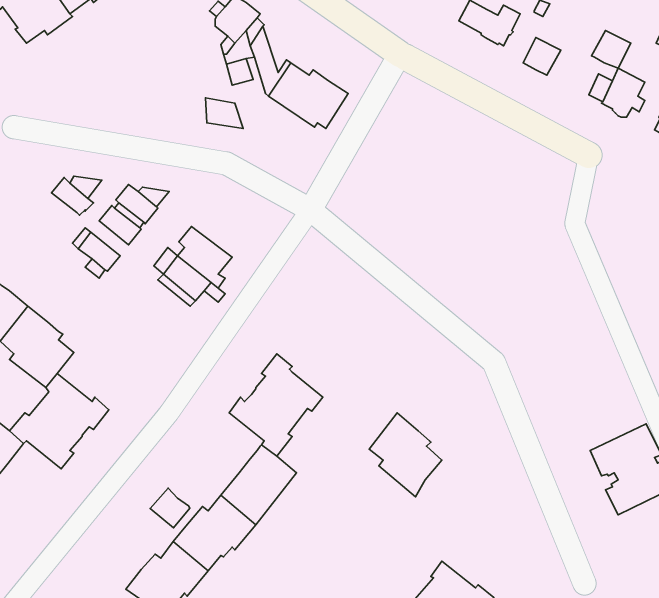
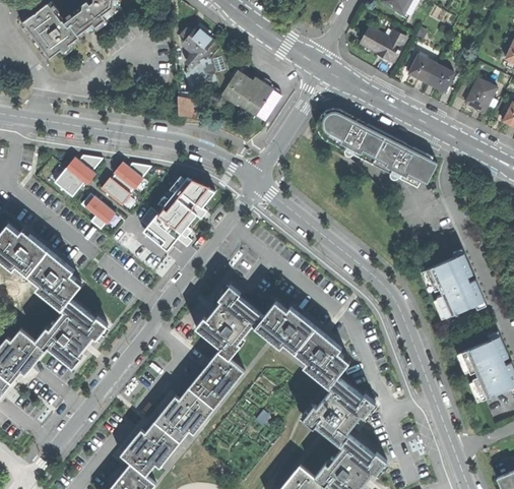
building: [592,30,631,68] -> [426,64,454,91]
building: none -> [317,109,437,184]
building: none -> [55,168,84,196]
building: none -> [170,176,215,219]
building: none -> [421,254,484,319]
building: none -> [255,302,317,354]
building: none -> [303,376,375,446]
building: [150,488,190,528] -> none

